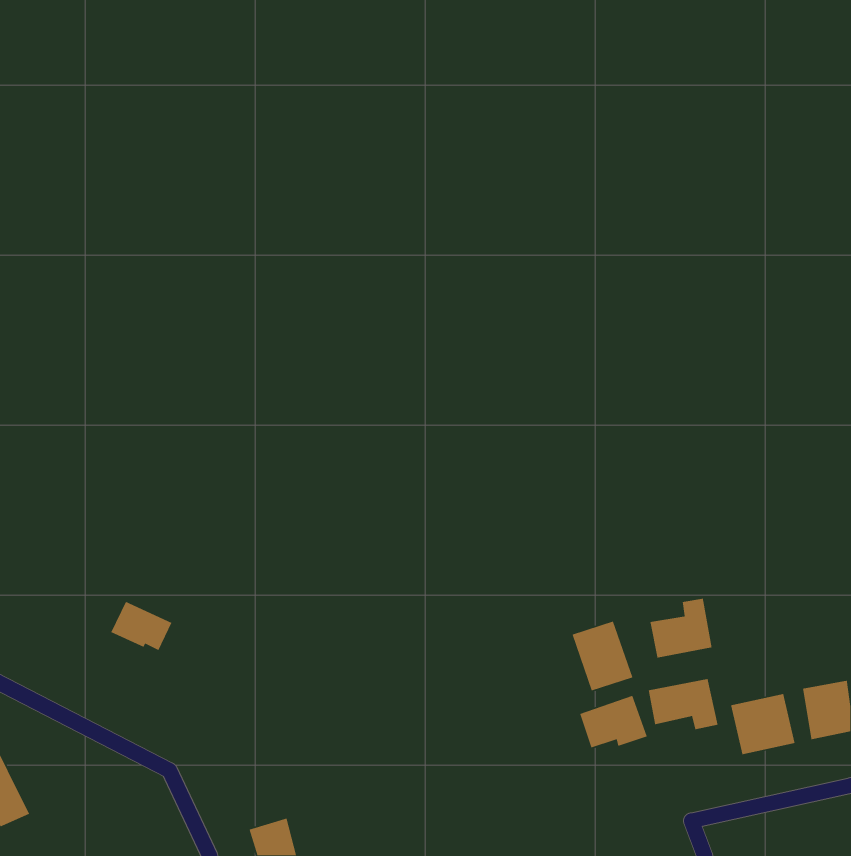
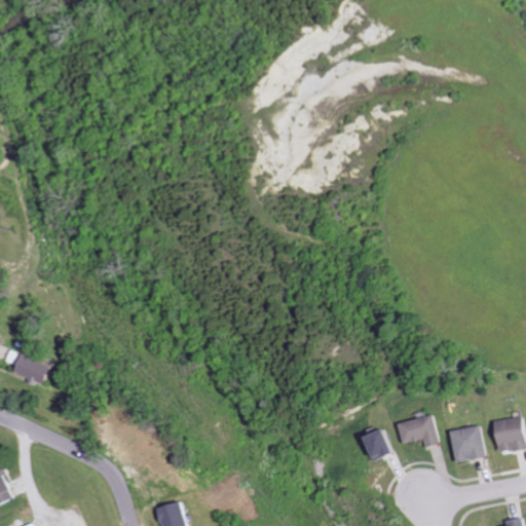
building: [650,598,712,659] -> none
building: [110,601,172,651] -> [15,353,53,384]
building: [571,620,633,692] -> none

